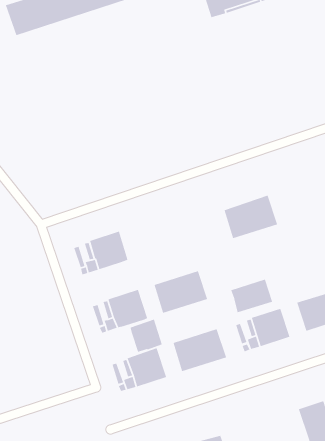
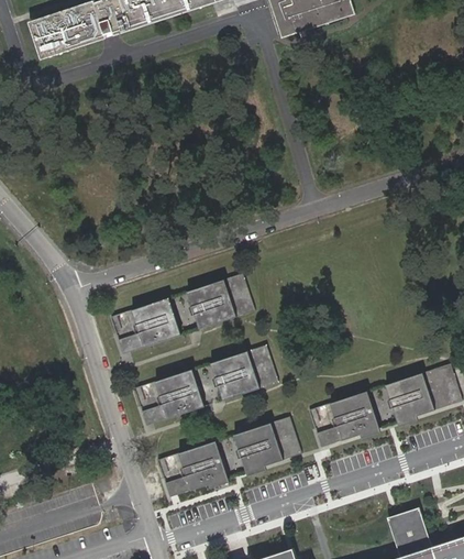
building: [223,194,278,239] -> [187,274,254,329]
building: [230,278,273,313] -> none
building: [130,319,163,353] -> none

